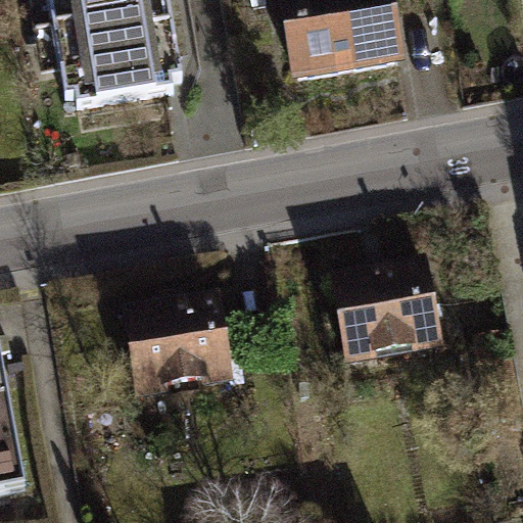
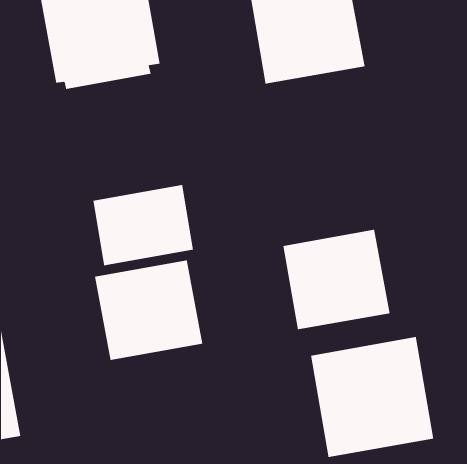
building: none -> [93,184,194,266]
building: none -> [311,336,434,458]

